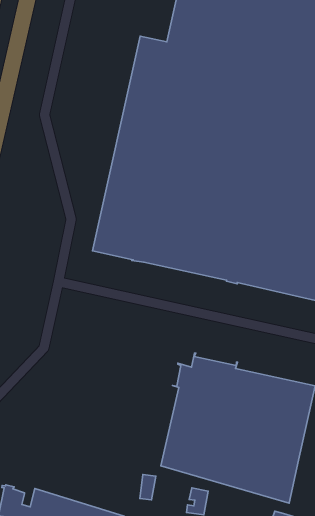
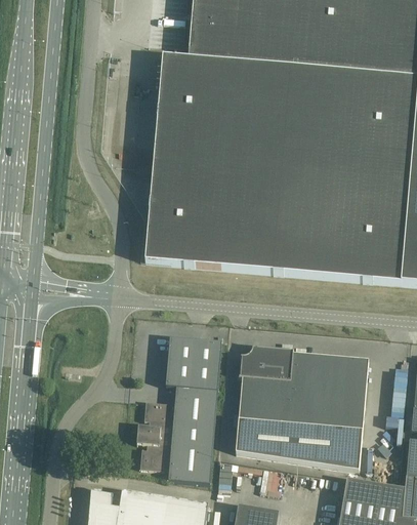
building: none -> [137,336,222,482]

